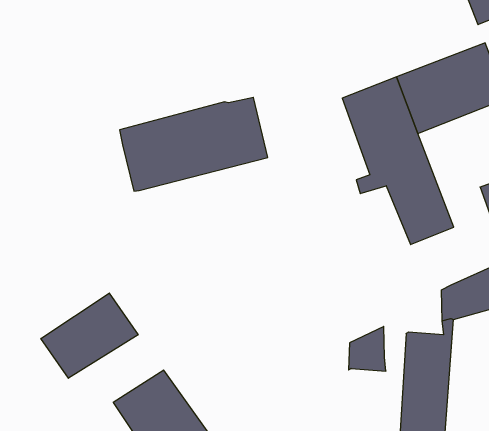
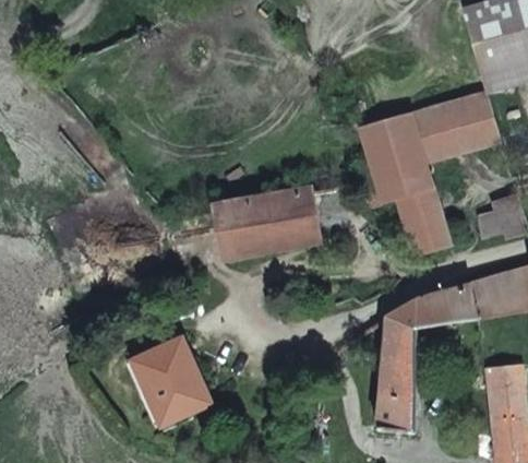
building: [120,97,268,191] -> [215,186,338,254]
building: [41,293,138,378] -> none
building: [349,326,386,371] -> [391,299,424,337]

